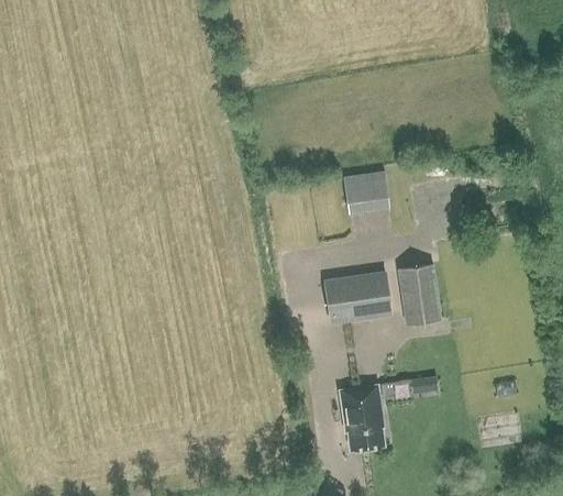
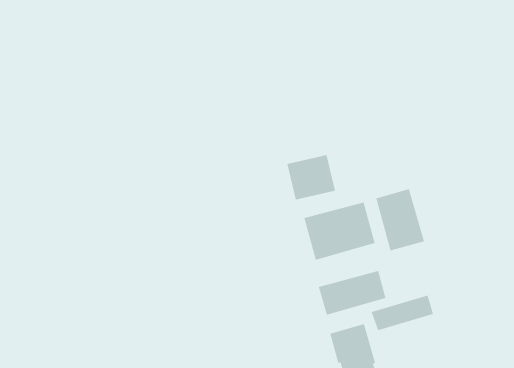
building: [341,168,387,210] -> [286,155,336,200]
building: none -> [318,270,386,316]

